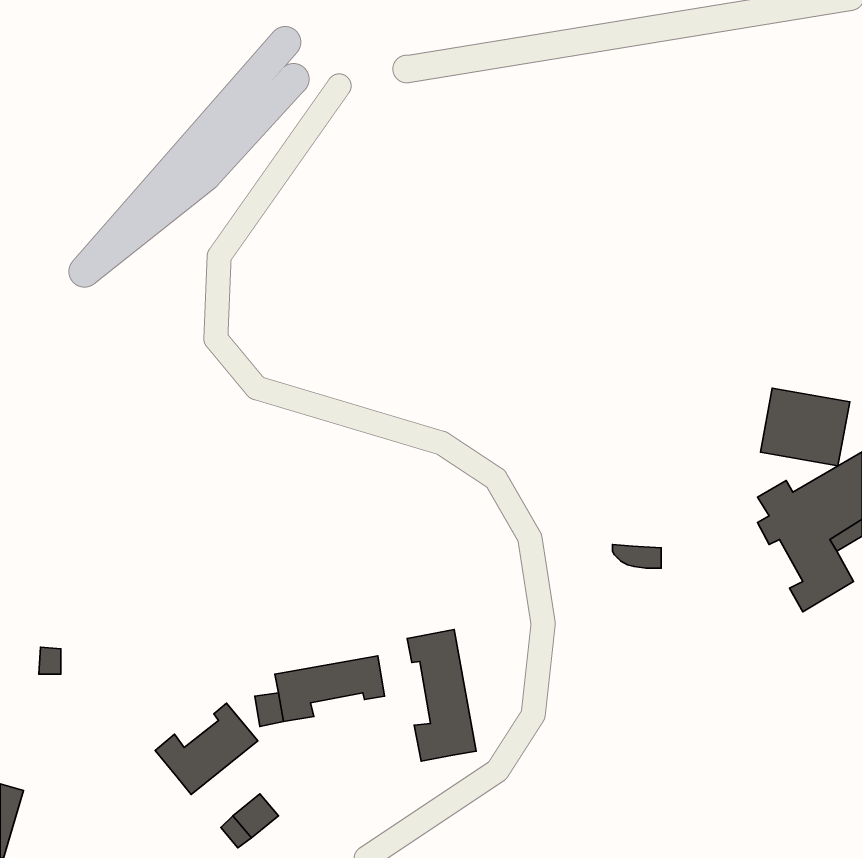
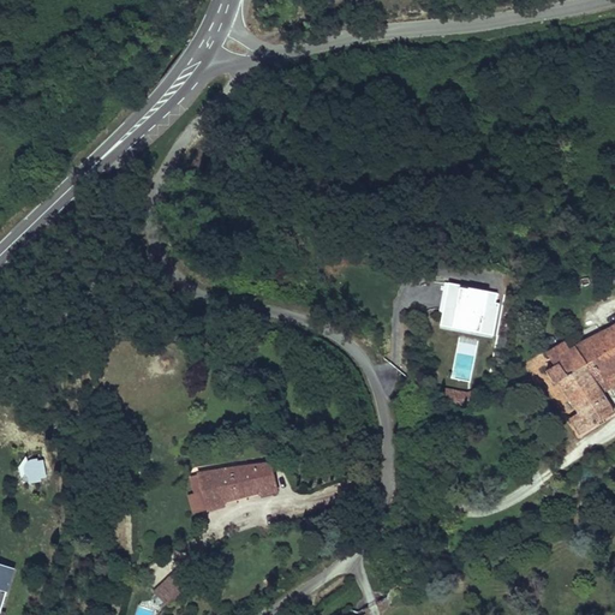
building: [760,388,850,466] -> [437,277,501,333]
building: [407,629,476,761] -> none
building: [155,703,258,795] -> none

